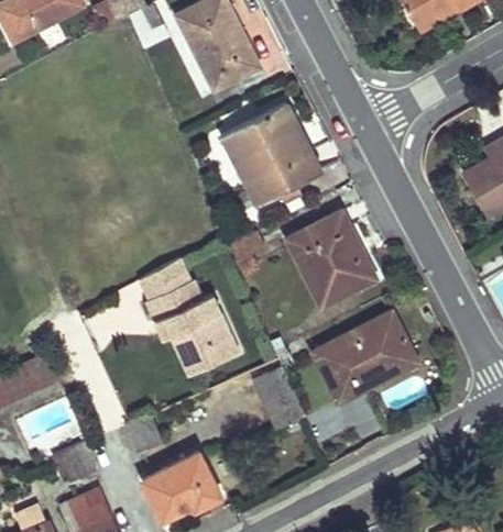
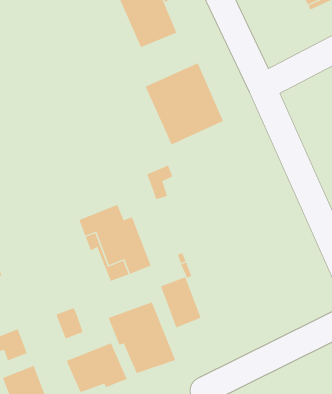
building: [288,210,374,303] -> none
building: [138,255,194,303] -> none
building: [314,311,417,400] -> none
building: none -> [108,302,176,374]

